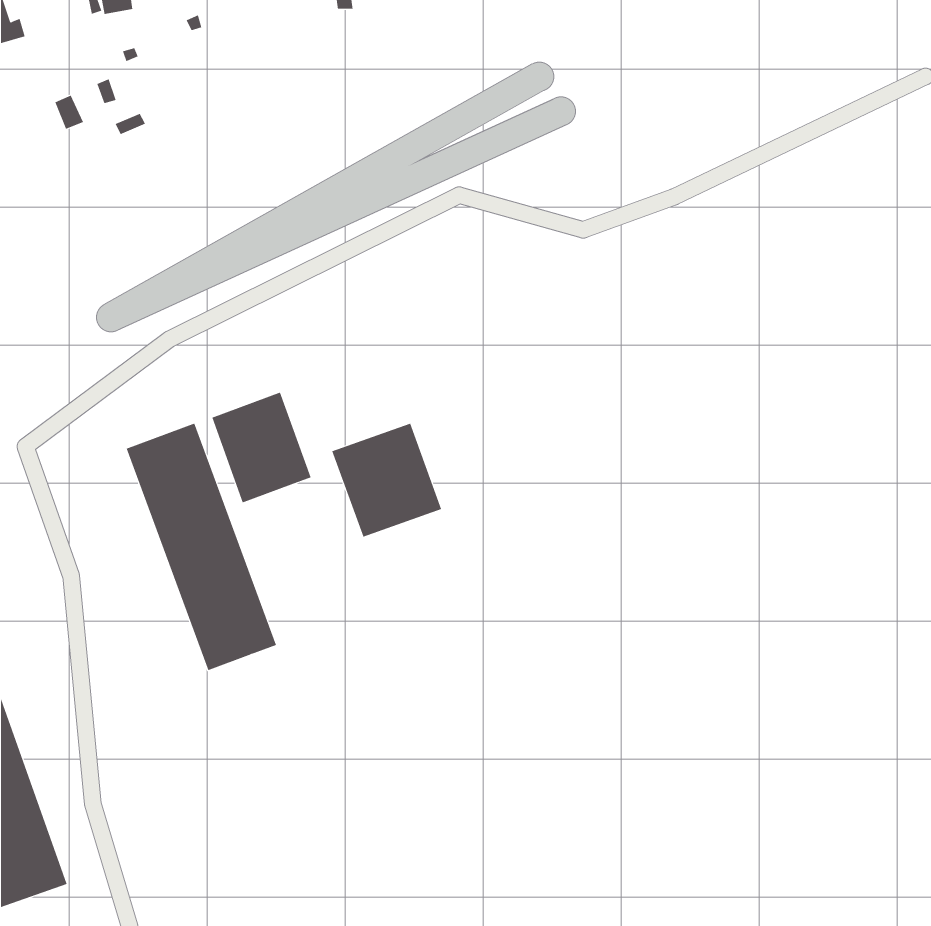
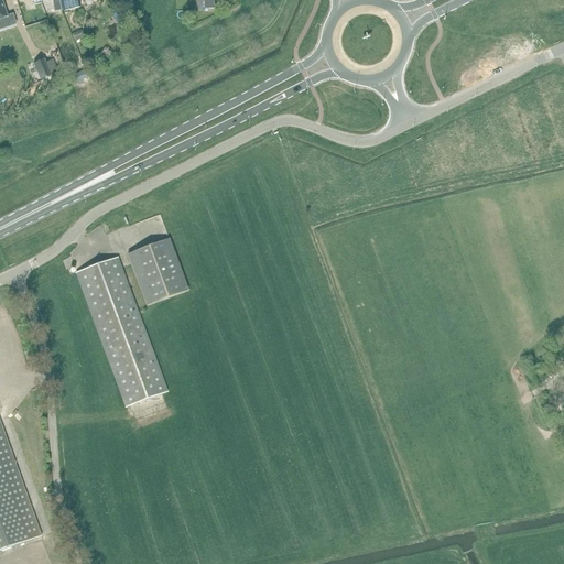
building: [332,423,442,538] -> none

